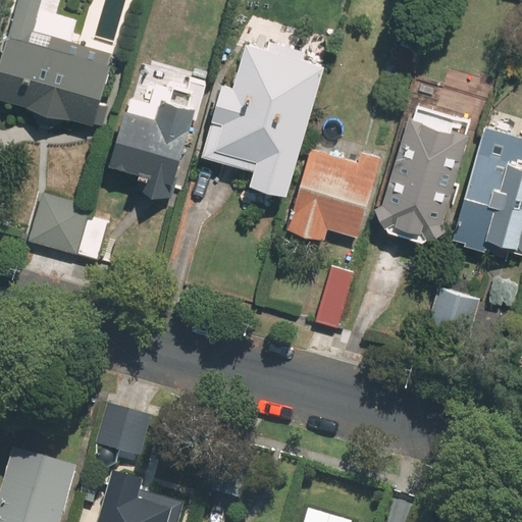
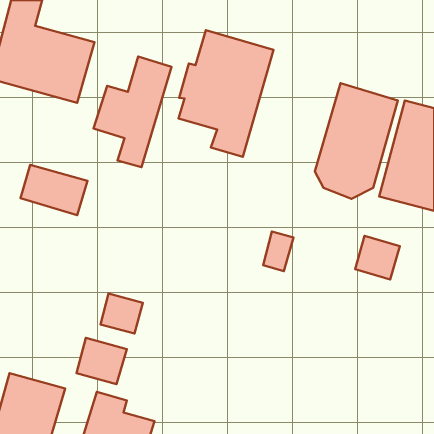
building: [288,149,384,242] -> none
building: none -> [101,293,143,334]

